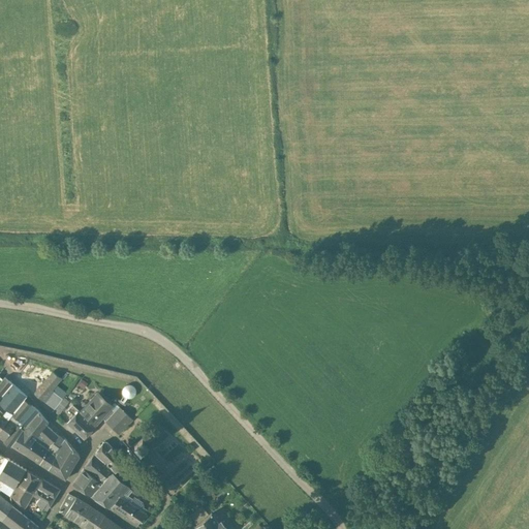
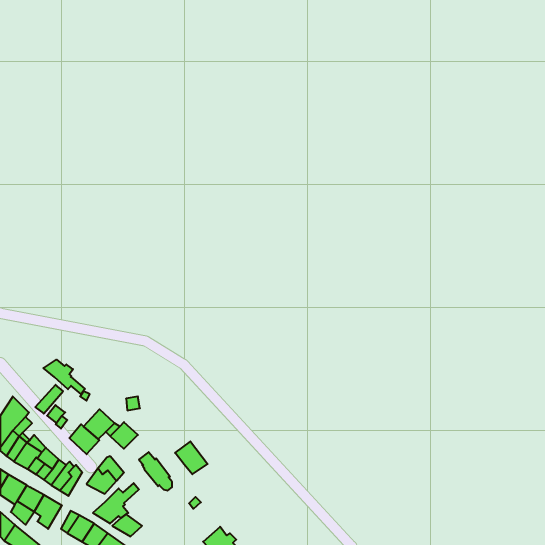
building: none -> [43,360,85,394]
building: none -> [175,441,208,474]
building: [73,469,102,497] -> none

